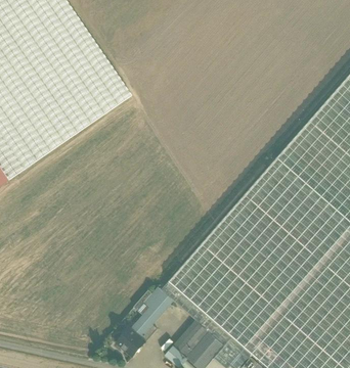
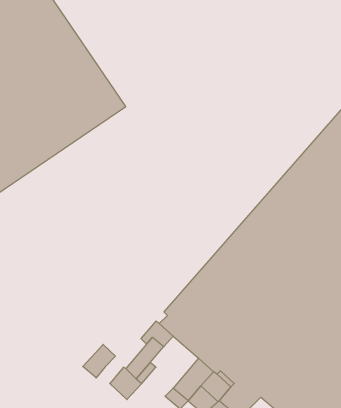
building: none -> [83,344,115,378]

